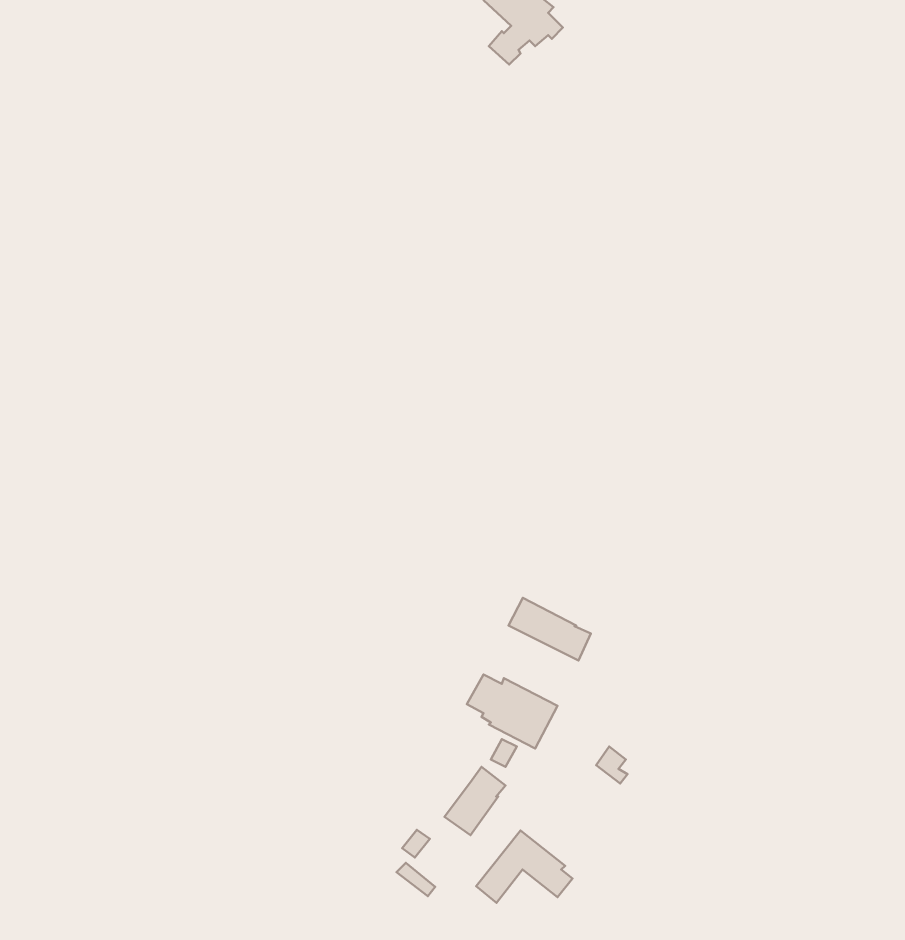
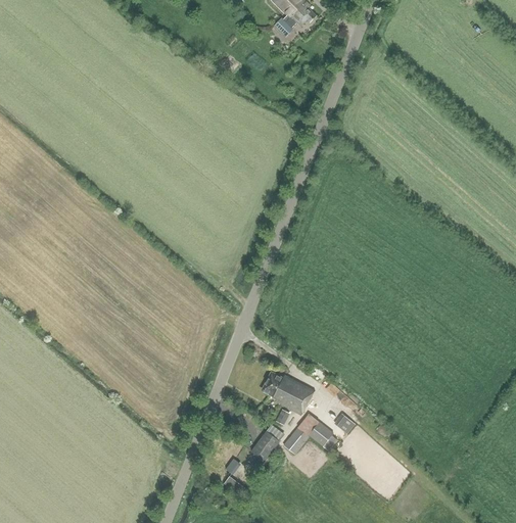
building: [509,598,591,661] -> none
building: [476,831,572,903] -> [284,414,337,454]

